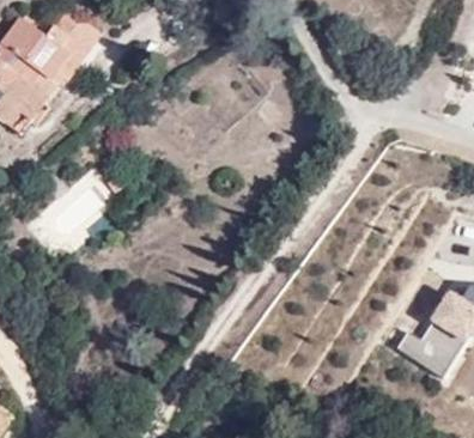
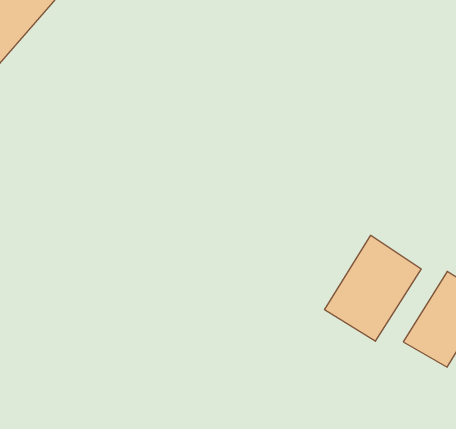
building: none -> [325,235,421,341]

